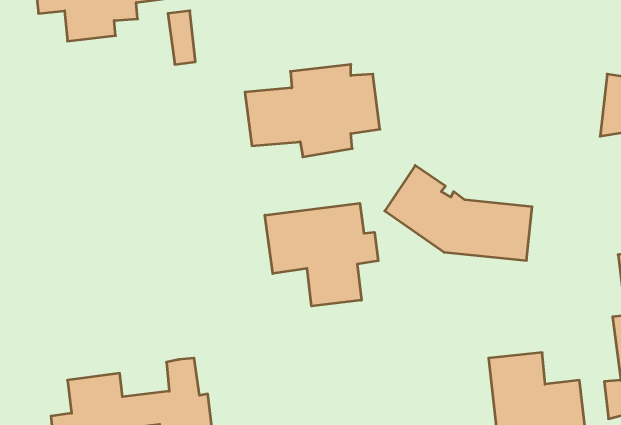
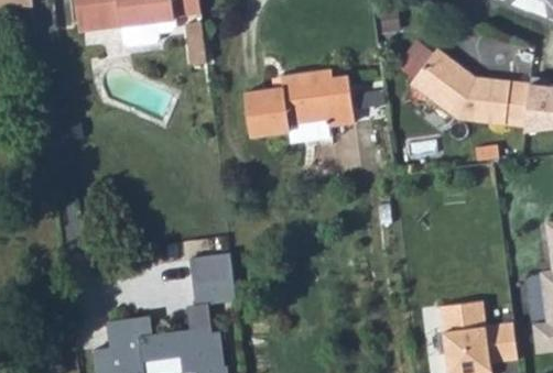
building: [385,165,532,260] -> [410,48,528,124]
building: [265,203,378,306] -> none
building: none -> [188,254,234,305]

